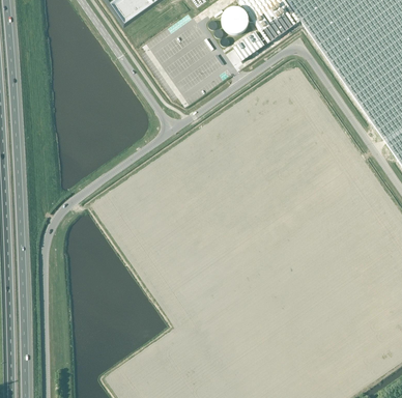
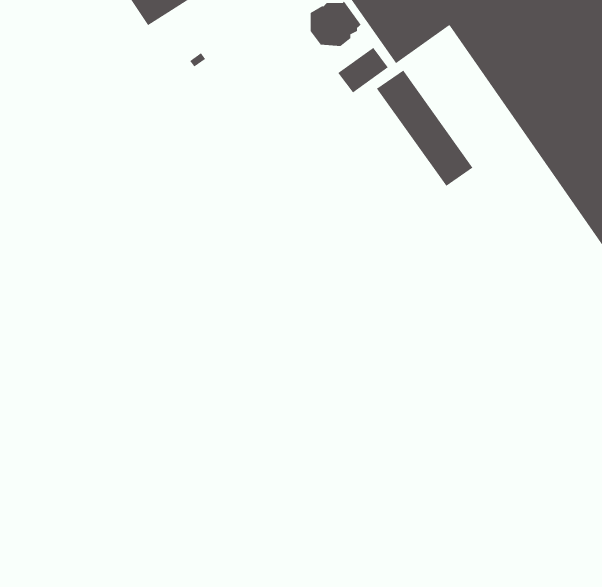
building: none -> [376,69,474,187]

